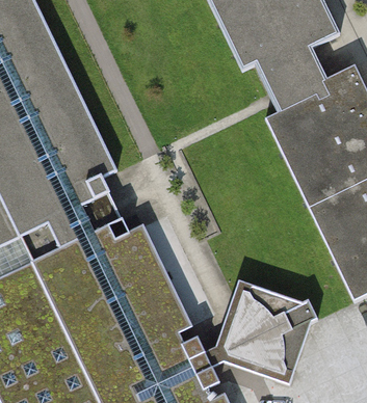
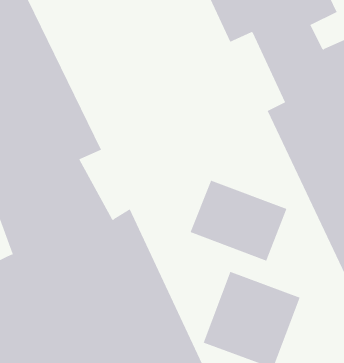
building: none -> [190,180,287,262]

